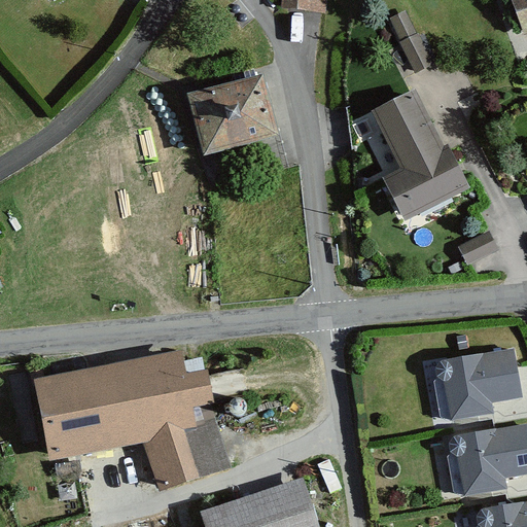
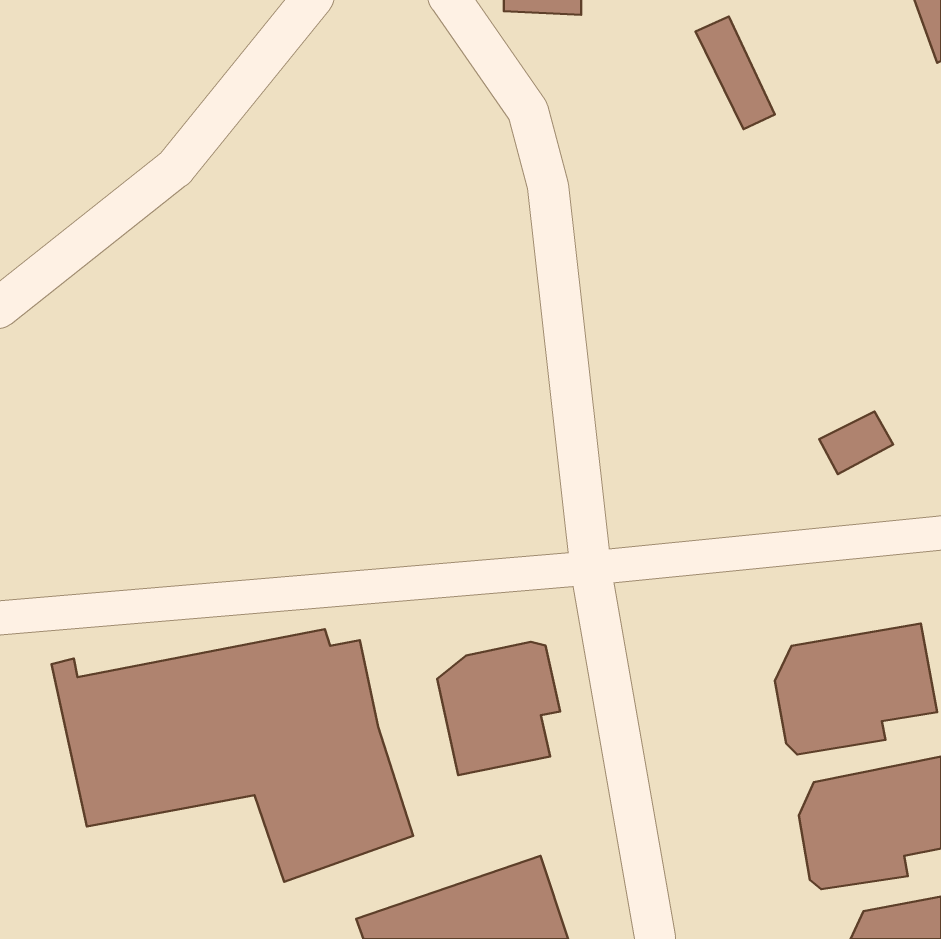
building: [188,76,278,155] -> none
building: [370,90,469,221] -> none
building: none -> [437,642,560,775]

